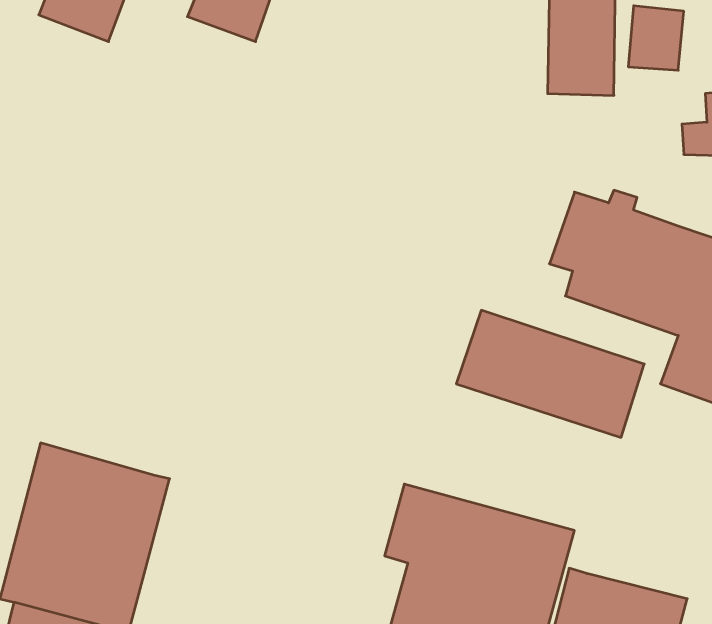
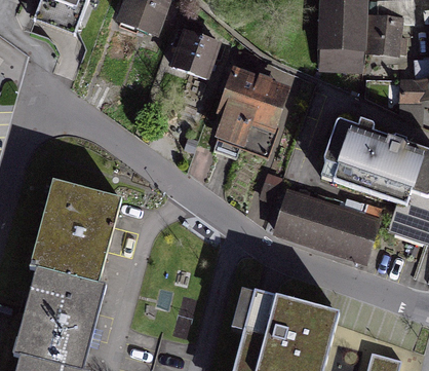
building: none -> [171,31,220,79]
building: none -> [214,74,286,149]
building: none -> [29,177,122,284]

